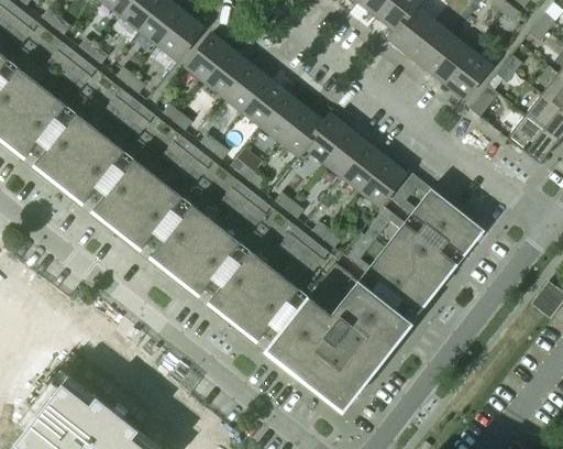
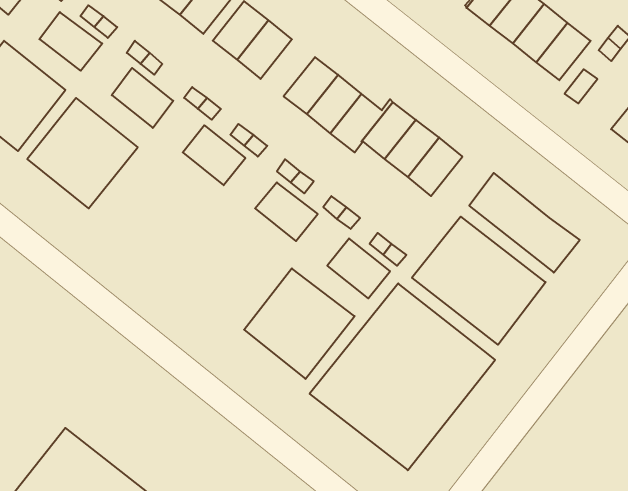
building: [223,65,267,111] -> none
building: [93,158,183,247] -> none
building: [361,160,405,206] -> none
building: [152,204,241,293] -> none

